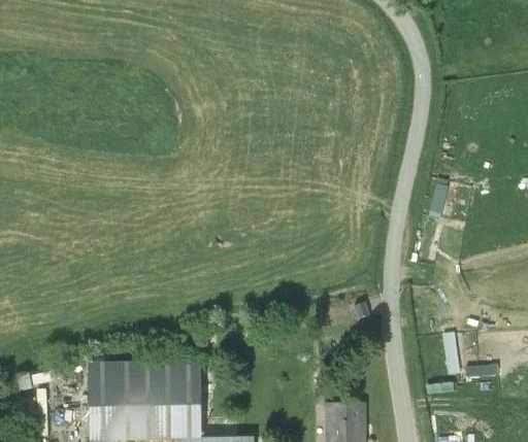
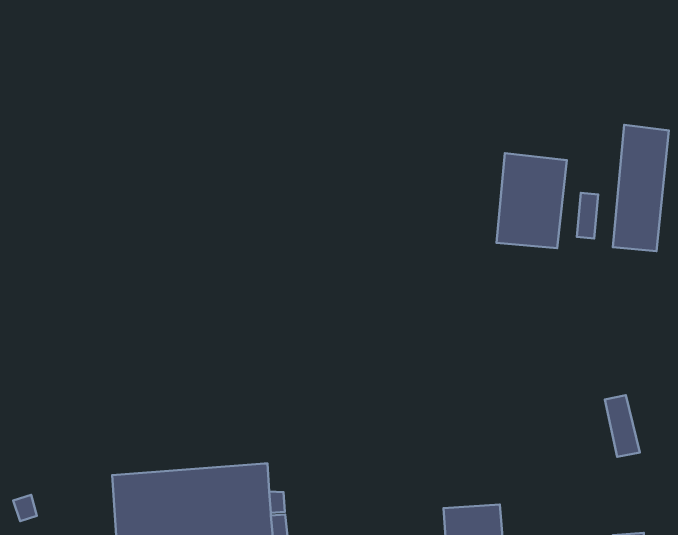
building: none -> [613,125,669,251]
building: none -> [497,153,567,248]

